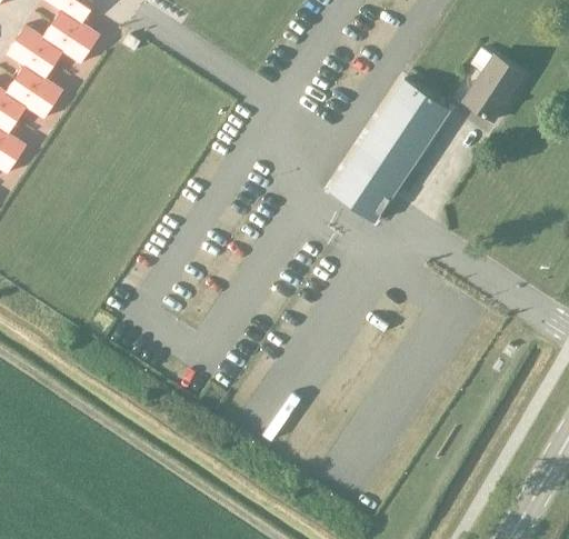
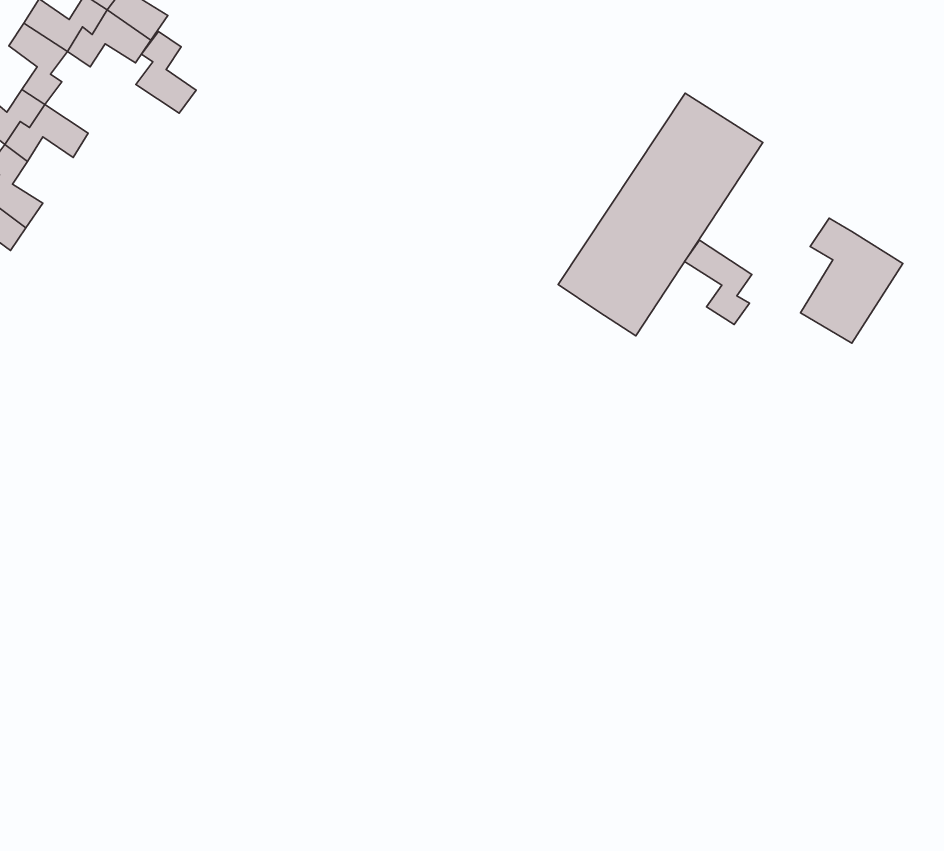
building: [463,48,523,121] -> [801,218,903,343]
building: [28,56,63,103] -> [136,32,196,113]
building: none -> [684,240,752,324]

